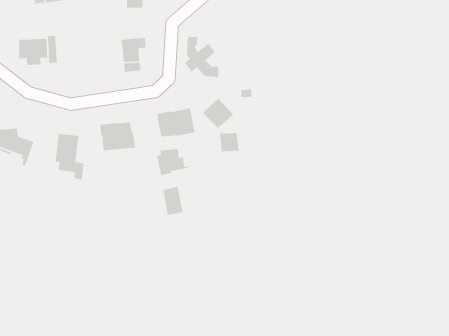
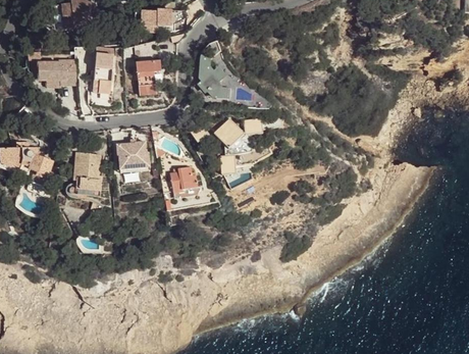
building: none -> [93,52,113,92]
building: [156,107,196,138] -> none
building: [162,186,183,216] -> none

